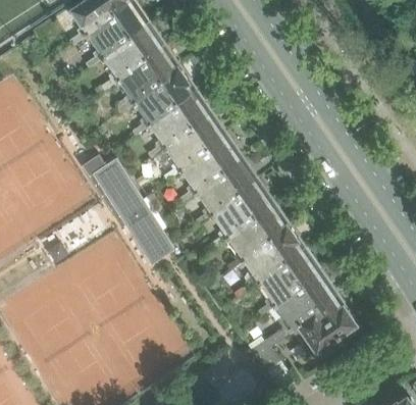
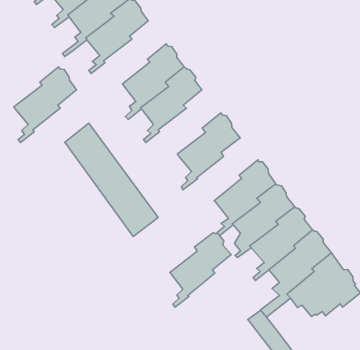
building: [134,65,193,134] -> [14,67,77,143]
building: [180,133,240,202] -> none
building: [213,180,271,247] -> [170,233,231,307]

